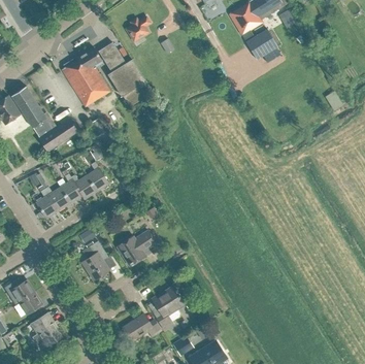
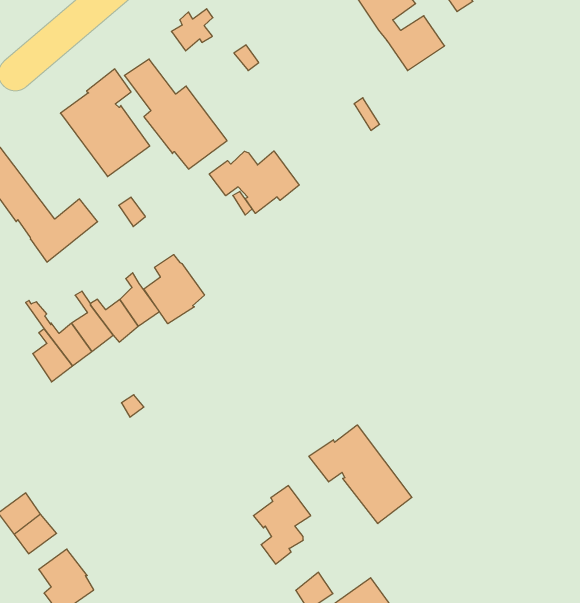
building: none -> [209,151,299,213]
building: none -> [144,255,204,324]
building: [118,230,156,265] -> none
building: [81,240,108,279] -> none
building: none -> [309,425,412,524]
building: [123,313,161,340] -> none

